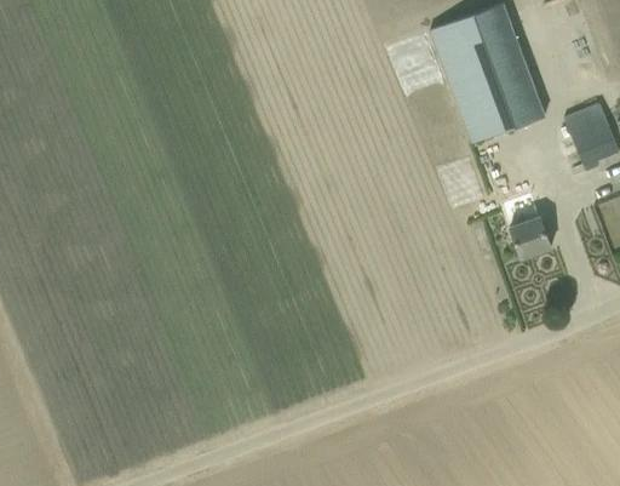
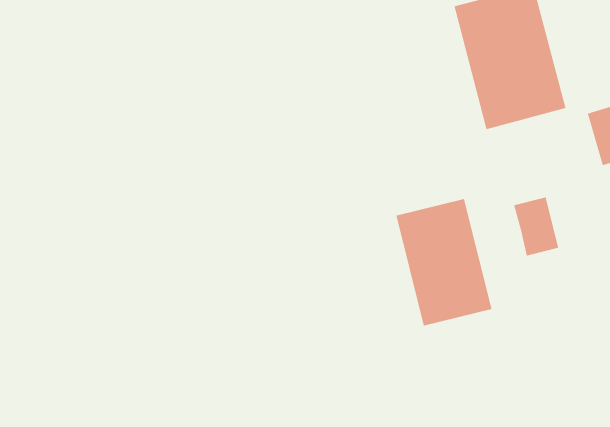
building: none -> [395,198,493,327]

